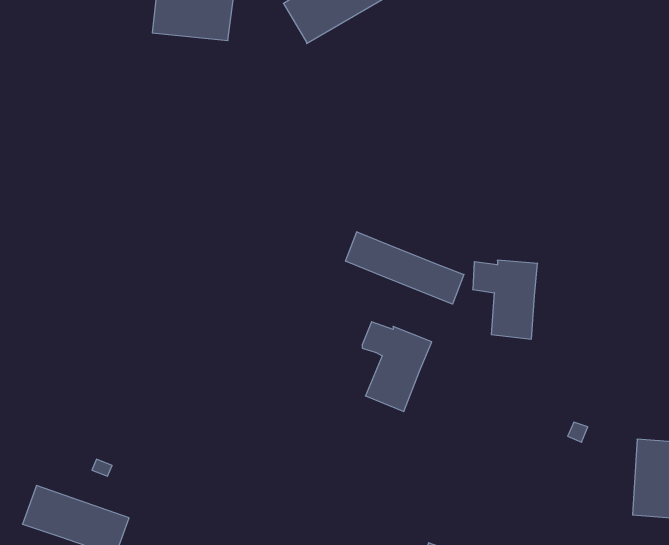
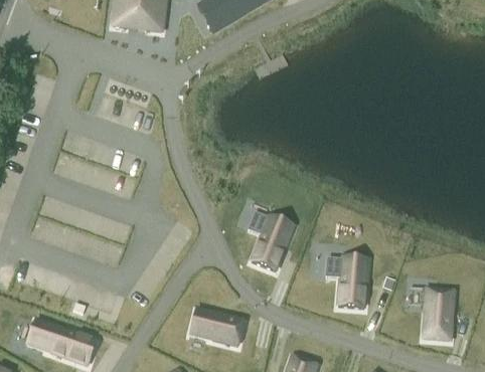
building: [346,232,464,304] -> none
building: [473,260,538,339] -> [326,256,368,308]
building: none -> [190,308,244,345]

